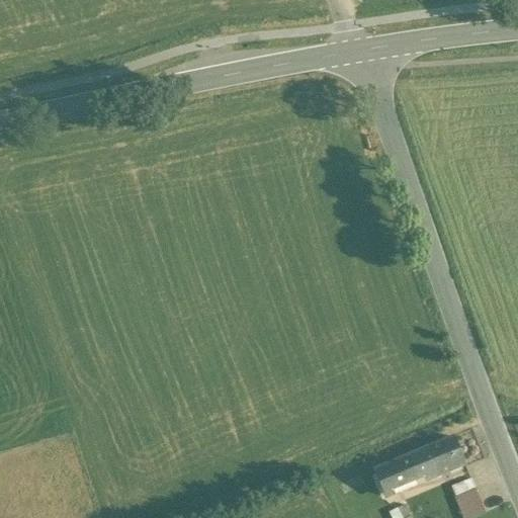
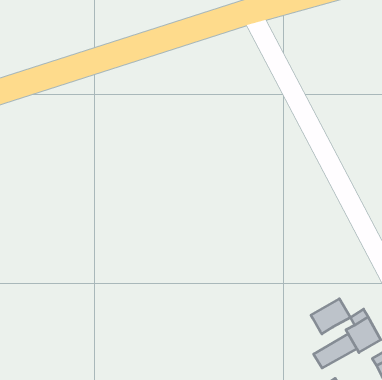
building: none -> [311,299,350,334]

